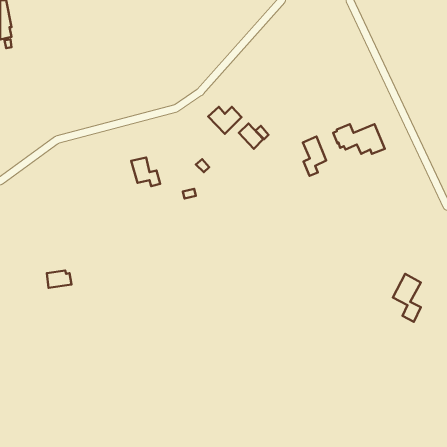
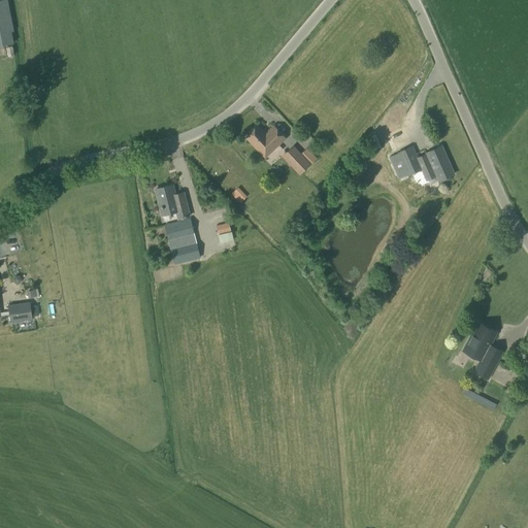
building: [303,136,326,176] -> none
building: none -> [164,219,200,266]
building: [47,270,71,288] -> [8,302,37,323]

